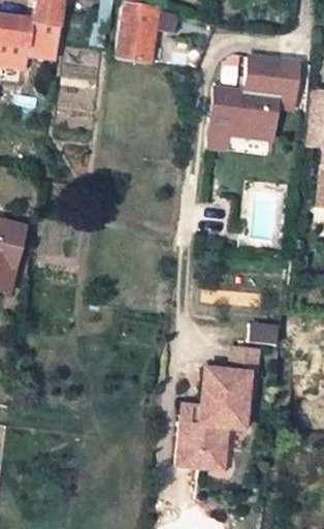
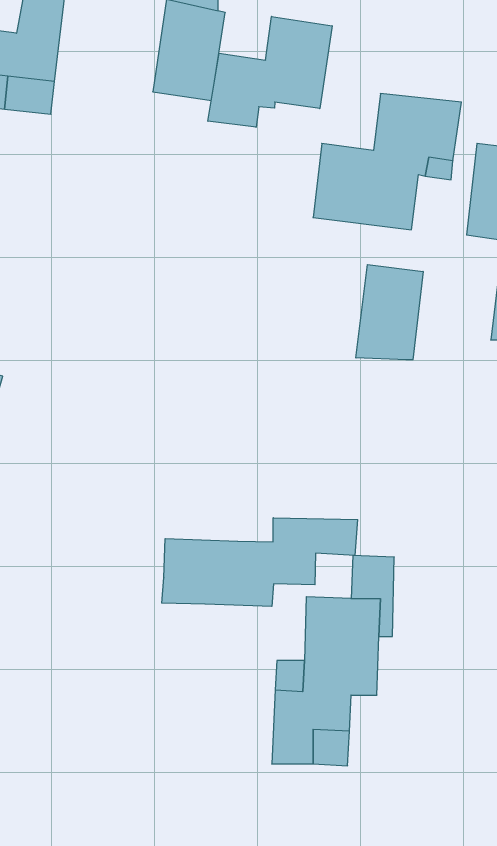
building: none -> [208,16,332,127]
building: none -> [356,265,423,360]
building: none -> [162,518,358,606]

